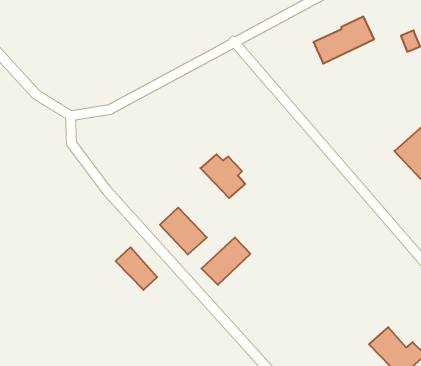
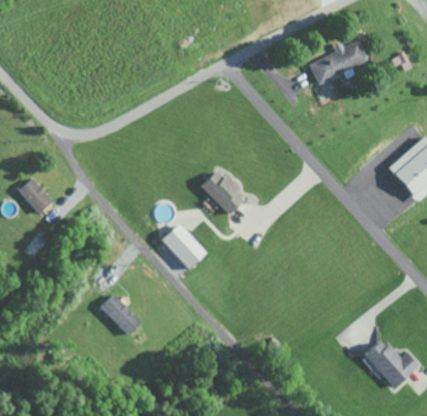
building: none -> [18,178,53,213]
building: [201,237,250,285] -> none
building: [116,247,157,290] -> [99,293,140,334]

